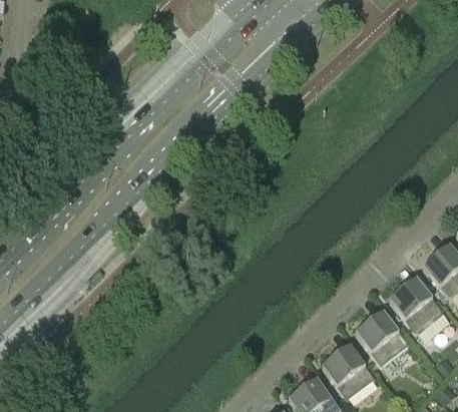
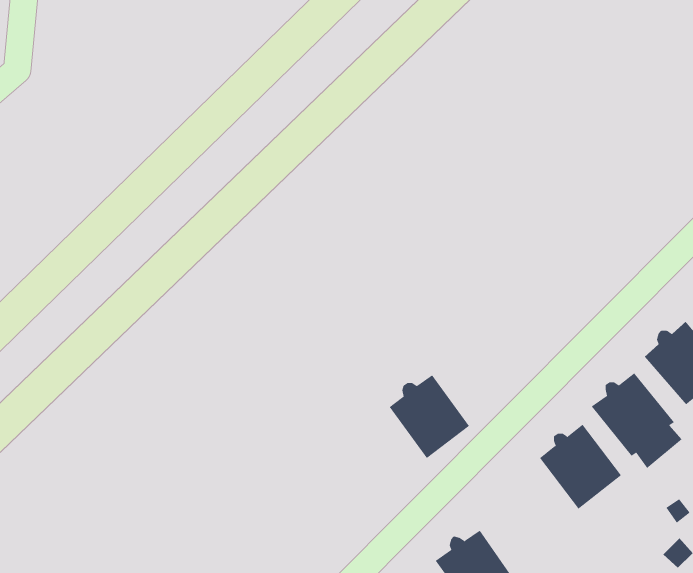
building: [323,344,375,398] -> [389,375,470,459]

